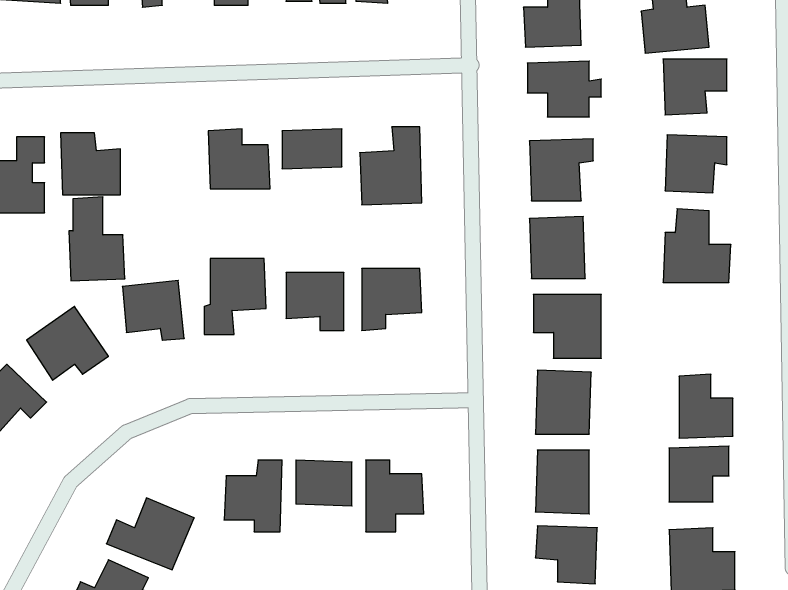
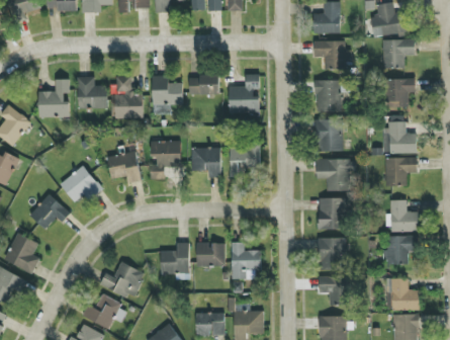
building: [69,197,125,281] -> [114,76,143,118]
building: none -> [385,157,417,186]

